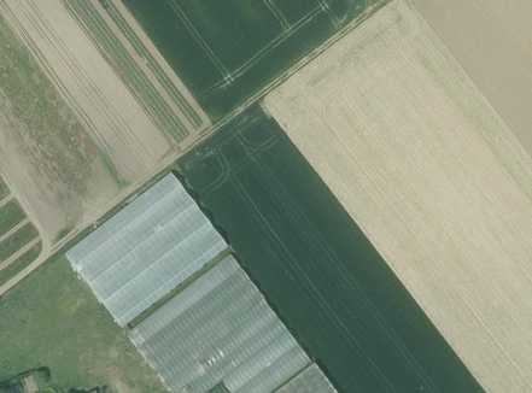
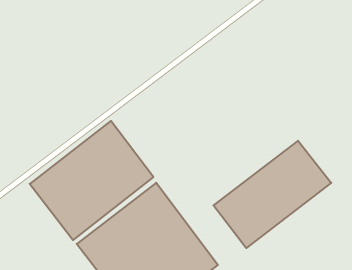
building: none -> [213,141,331,248]

